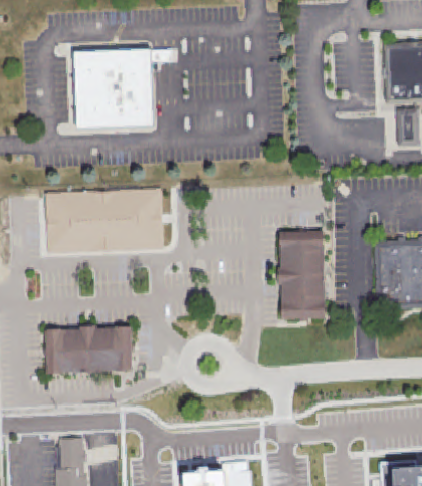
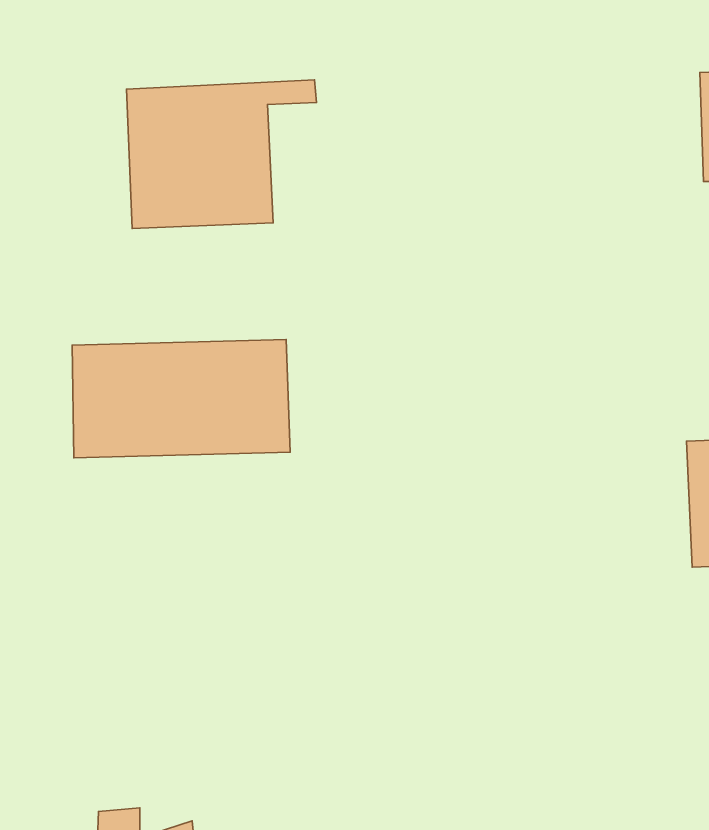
building: [275,235,324,320] -> none
building: [43,325,131,374] -> none

